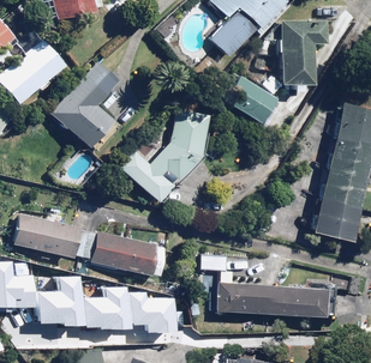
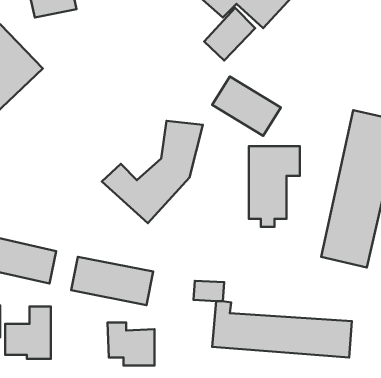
building: [282,19,328,91] -> [249,146,300,227]
building: [50,62,119,149] -> none
building: [79,285,120,326] -> none

